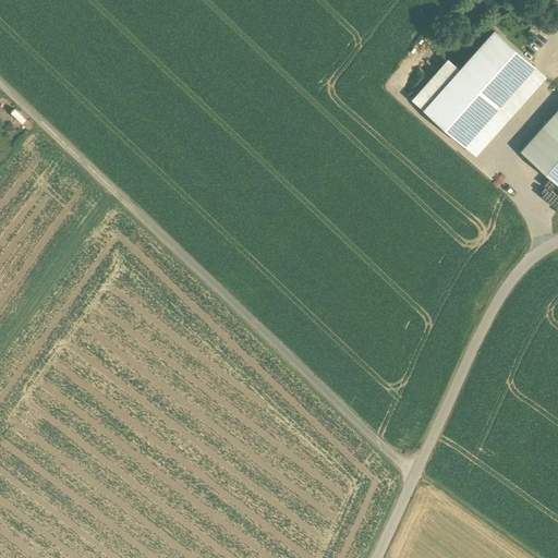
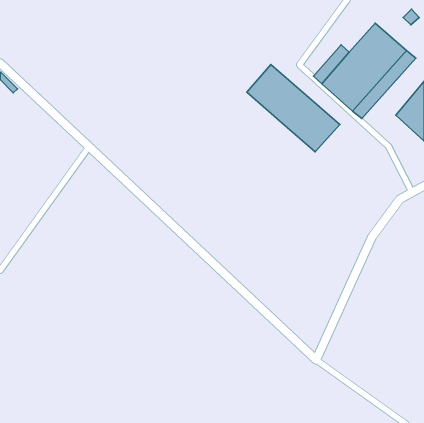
building: none -> [247,65,340,152]

